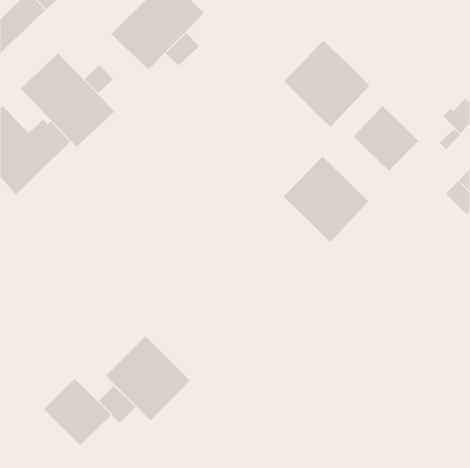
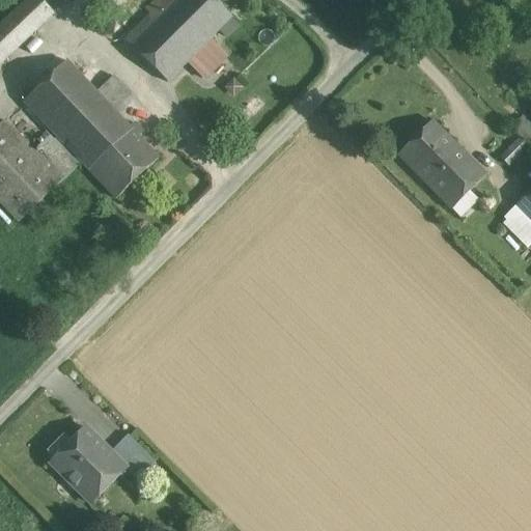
building: [283,40,370,128] -> none
building: none -> [86,119,158,196]
building: none -> [438,159,484,206]
building: [283,156,369,242] -> none
building: [105,335,190,421] -> none

